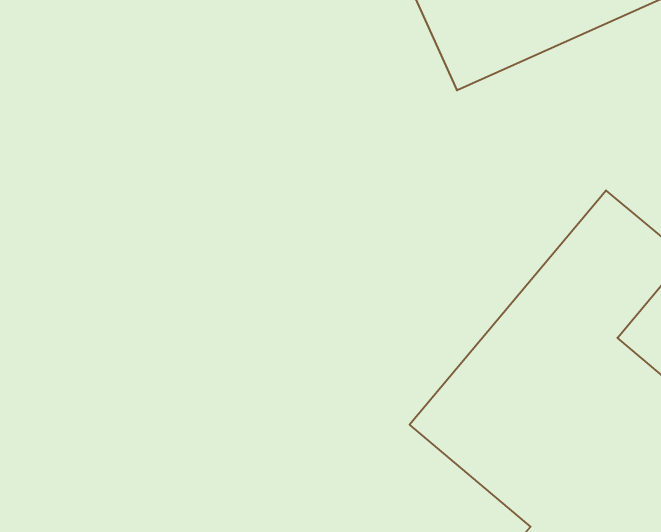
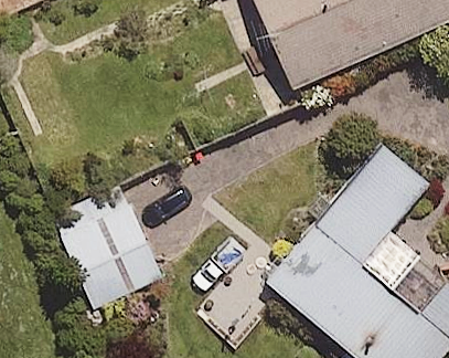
building: none -> [54,190,160,306]

